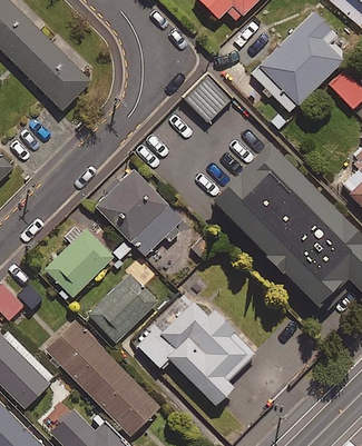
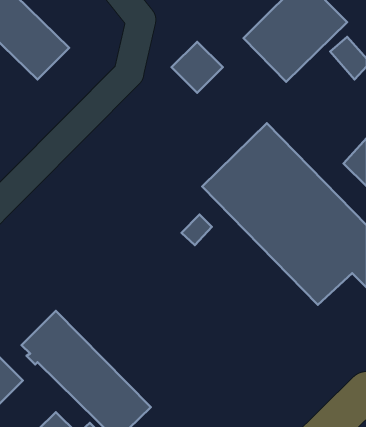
building: [96,168,185,257] -> none
building: [45,227,116,299] -> none
building: [89,274,158,343] -> none
building: [137,293,257,406] -> none

